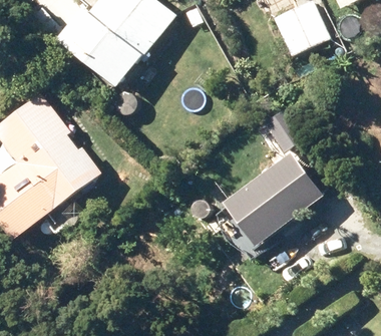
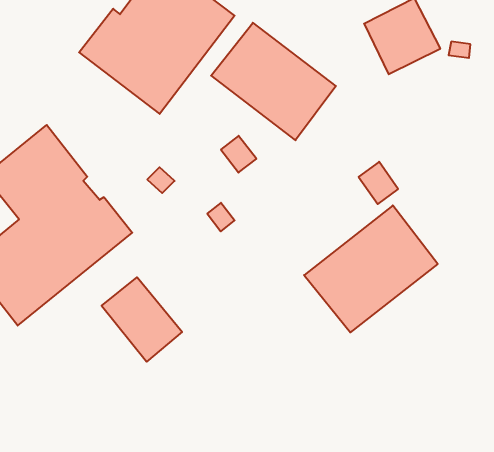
building: none -> [211,23,336,140]
building: none -> [102,277,182,362]

